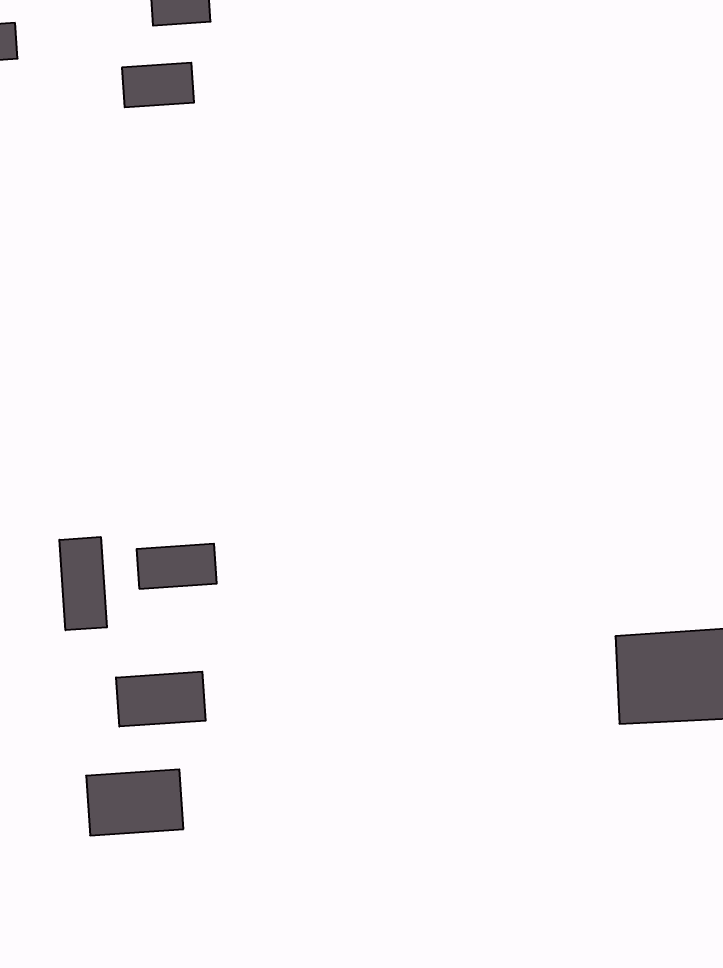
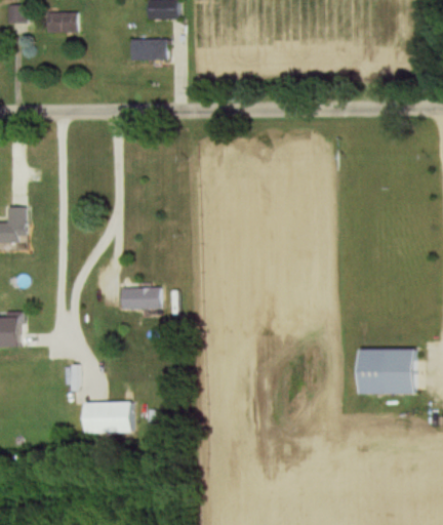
building: [59,537,107,630] -> none
building: [116,672,206,727] -> none

